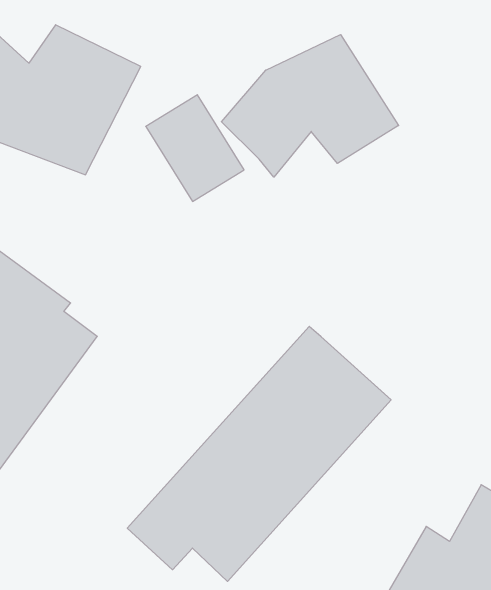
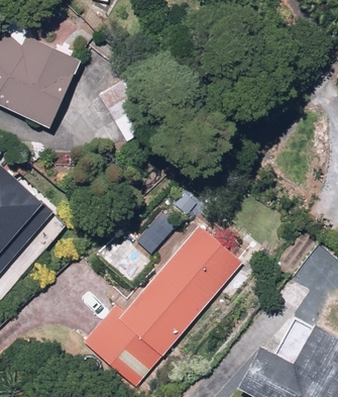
building: [221,35,399,177] -> none

